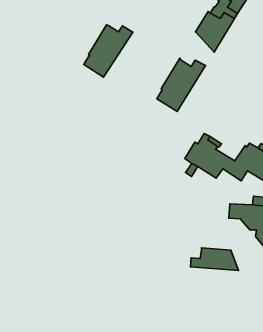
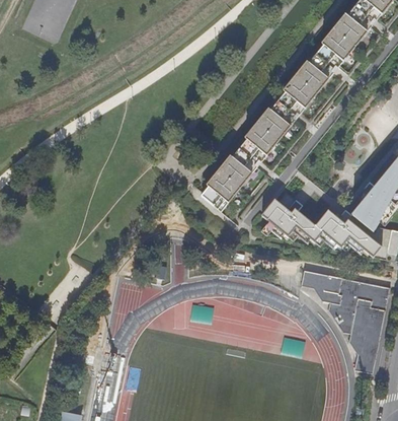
building: [84,25,133,77] -> [201,155,257,211]
building: [191,248,239,271] -> none

